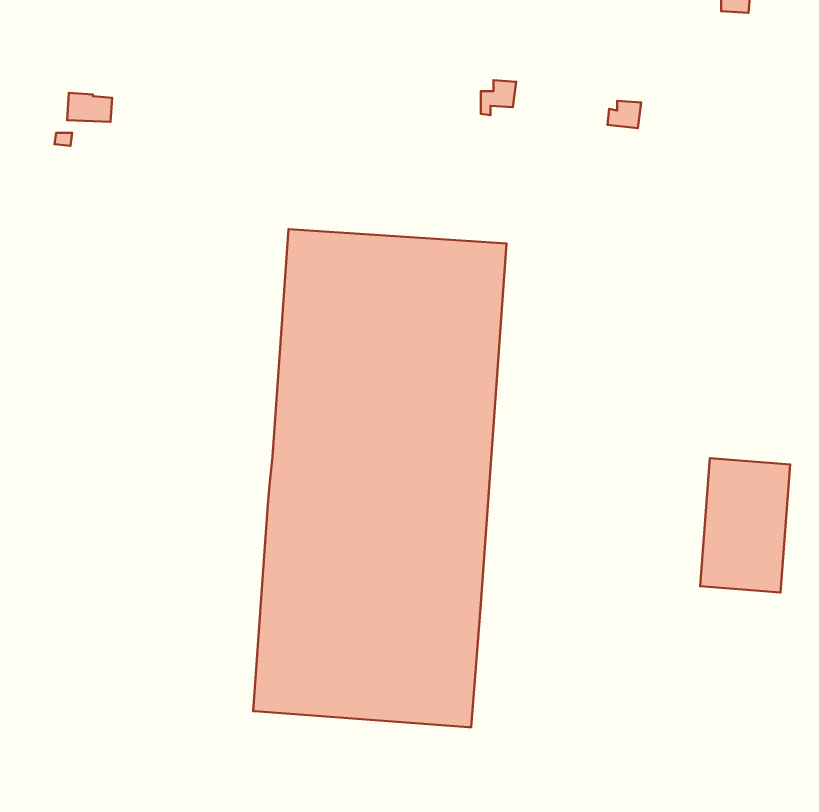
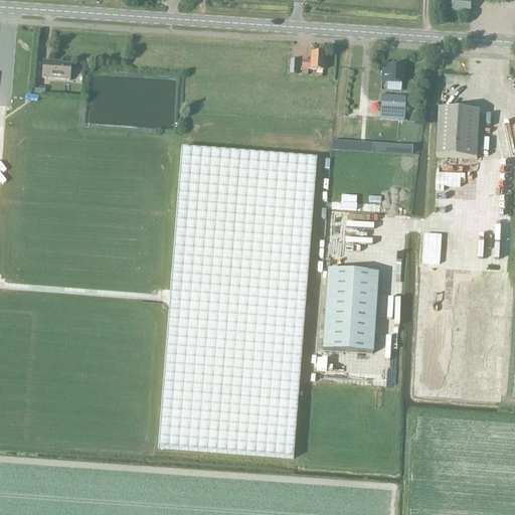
building: none -> [379,93,404,117]
building: none -> [437,106,481,155]
building: [700,458,790,593] -> [322,267,378,351]

